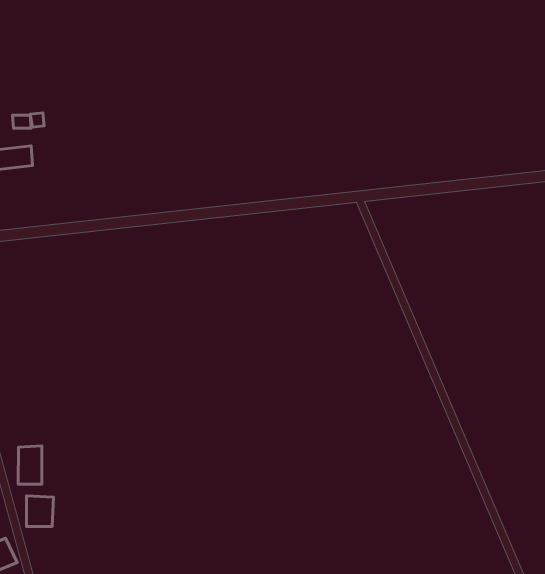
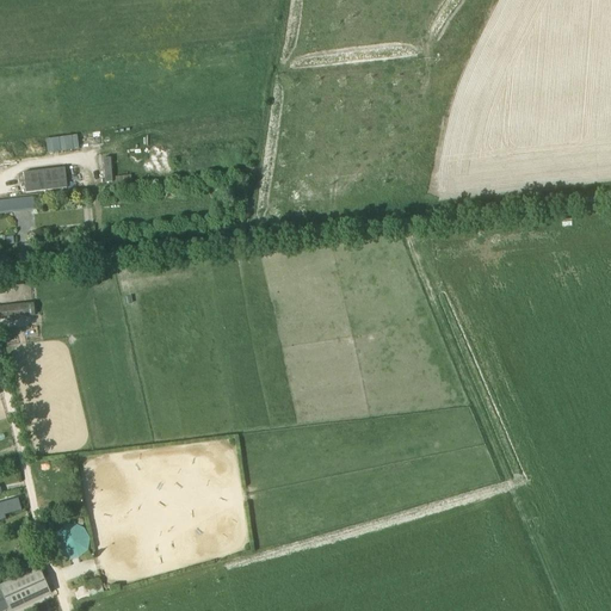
building: [18,446,42,484] -> none

